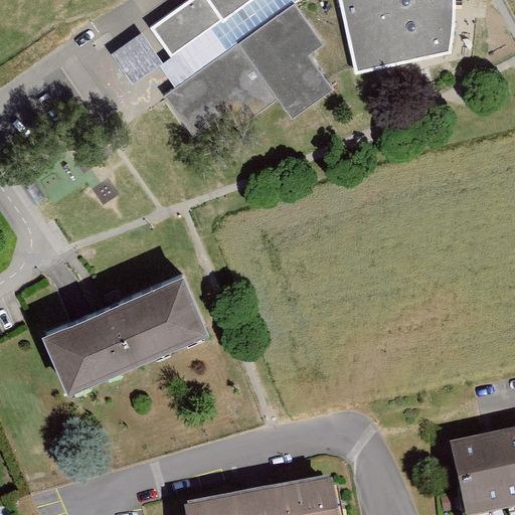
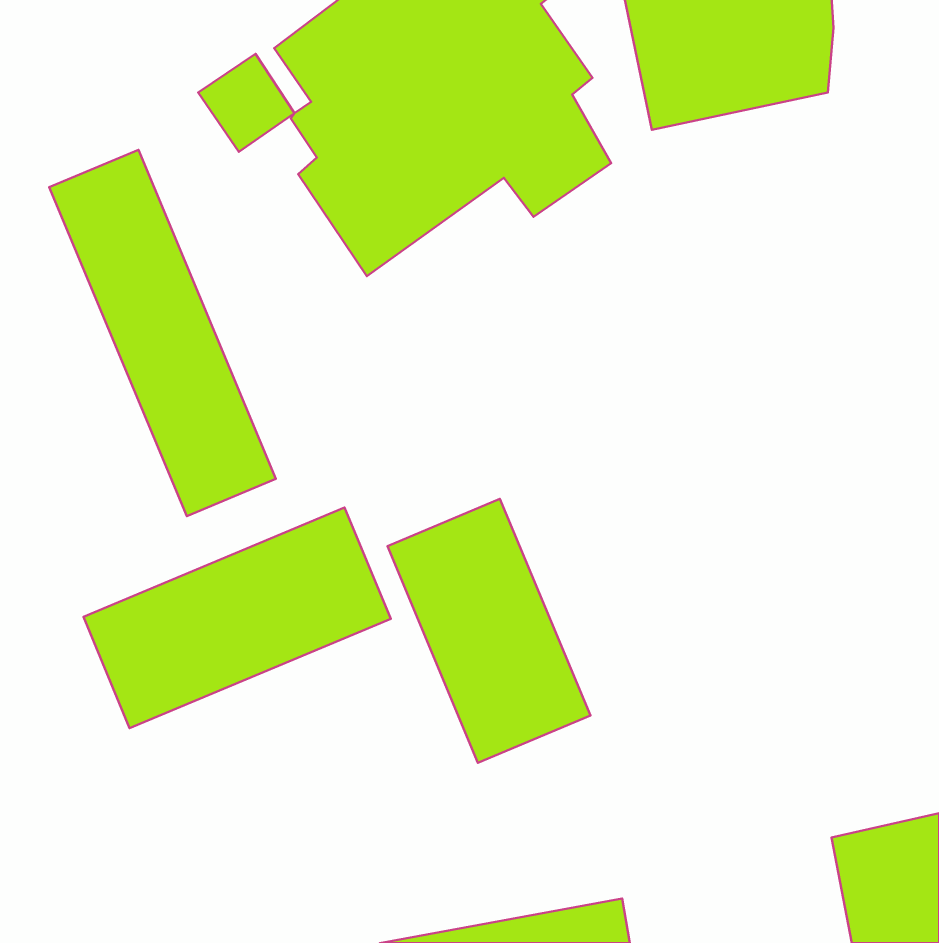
building: none -> [49,150,276,516]
building: none -> [387,499,590,763]

